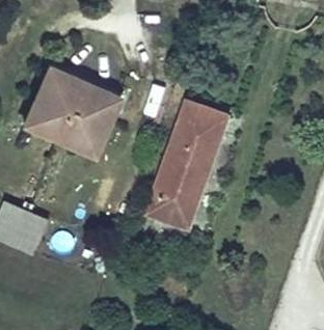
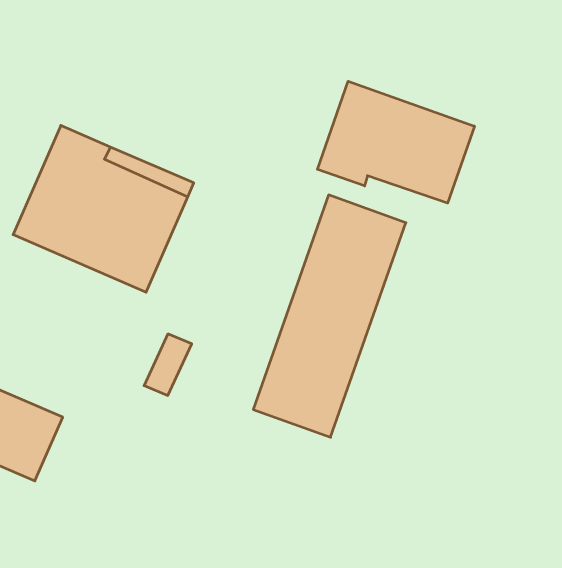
building: none -> [317,81,474,203]

